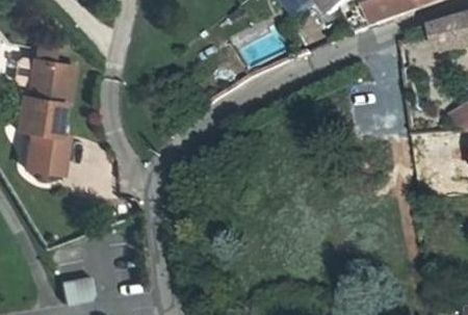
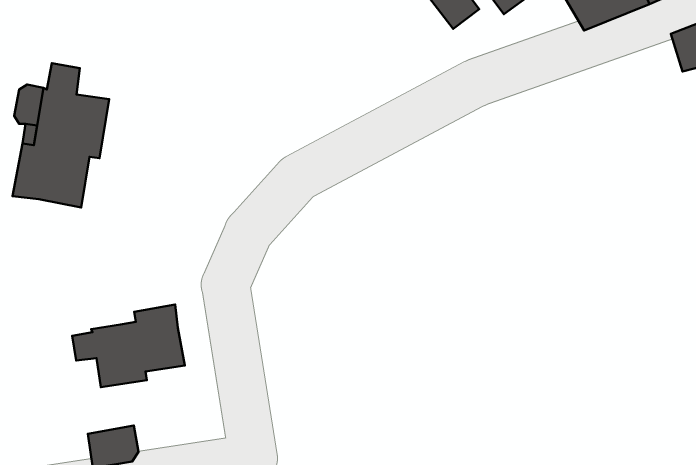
building: [25,129,69,173] -> none
building: none -> [72,305,185,387]

